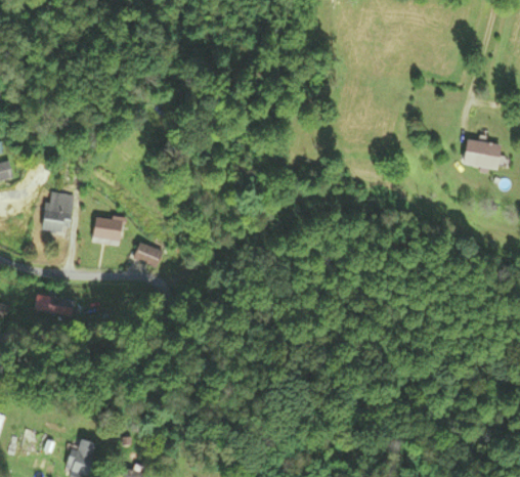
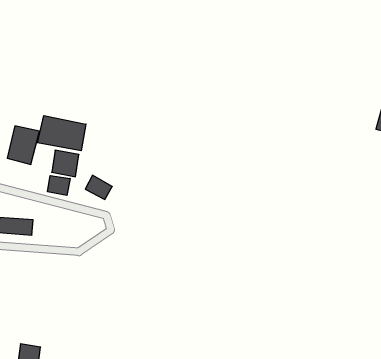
building: none -> [37,116,86,151]
building: none -> [48,176,70,195]

